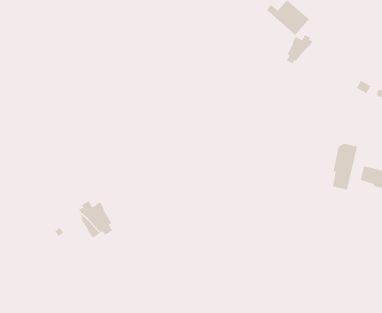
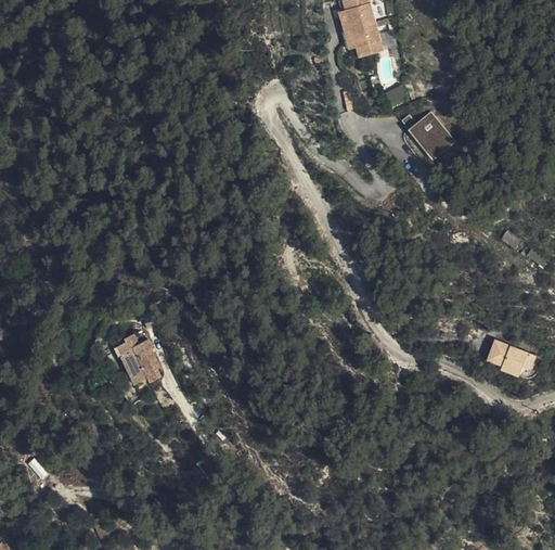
building: [286,34,314,64] -> none
building: [332,143,358,190] -> none

